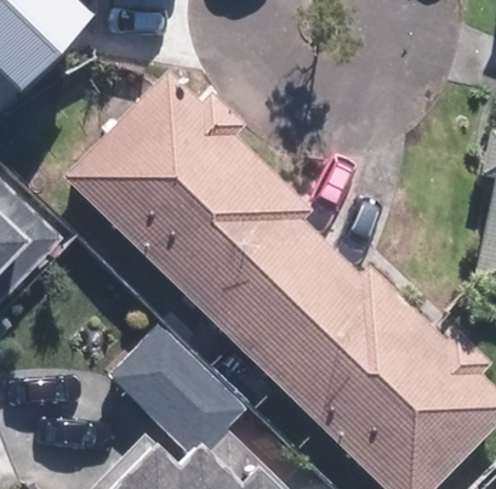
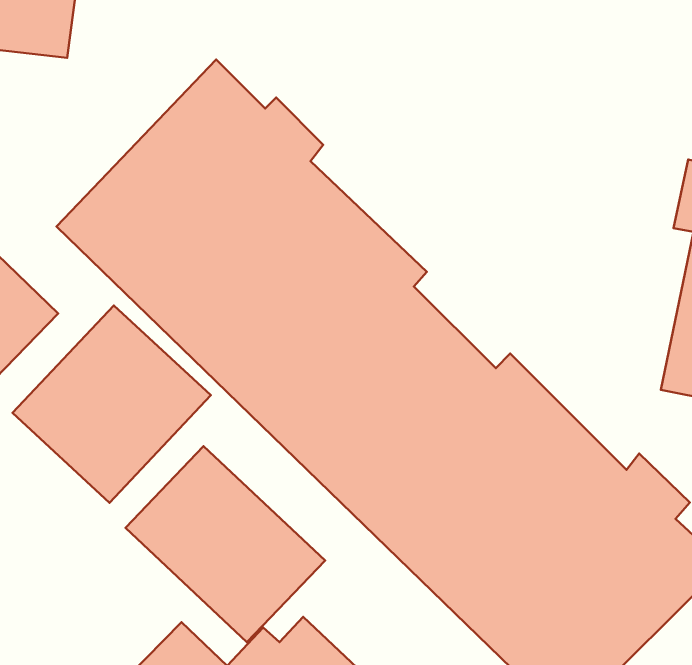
building: none -> [13,305,211,503]

